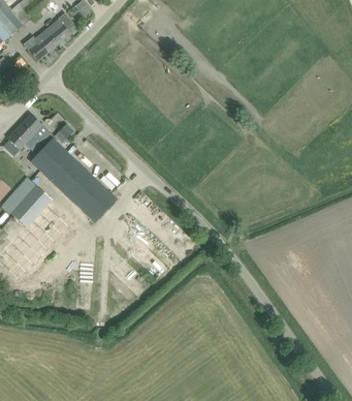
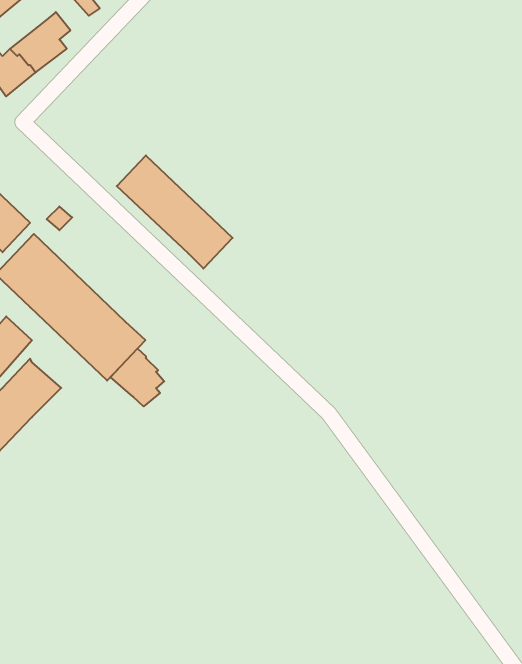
building: none -> [117,155,233,269]
building: none -> [110,349,164,406]

